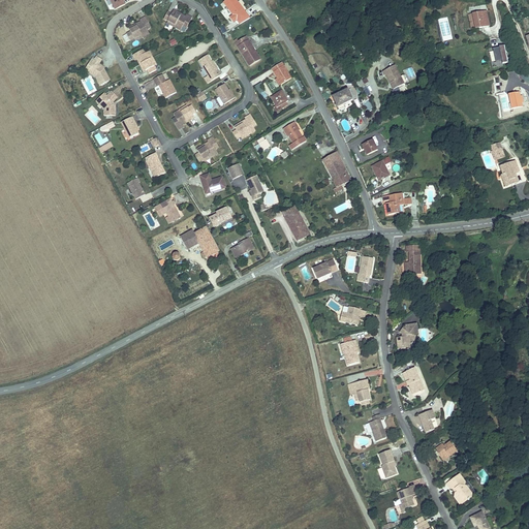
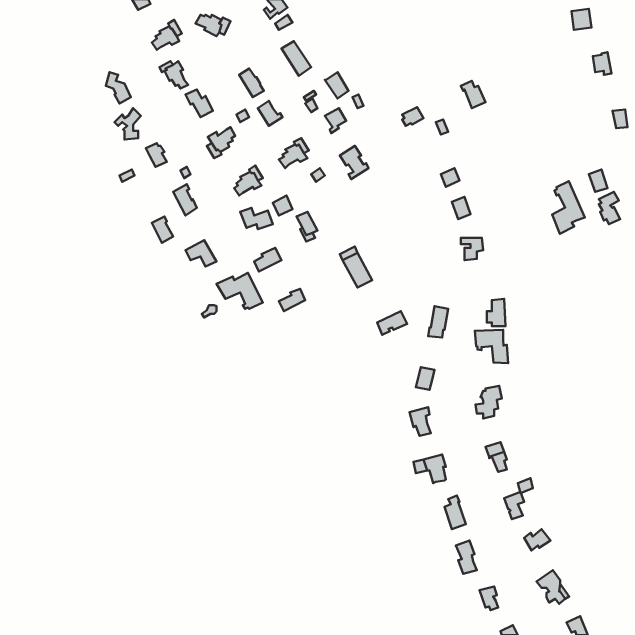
building: none -> [552,181,585,234]
building: [322,152,350,192] -> none
building: none -> [475,330,508,363]

